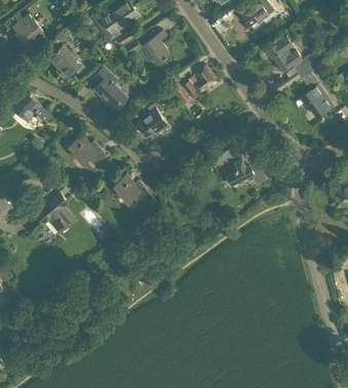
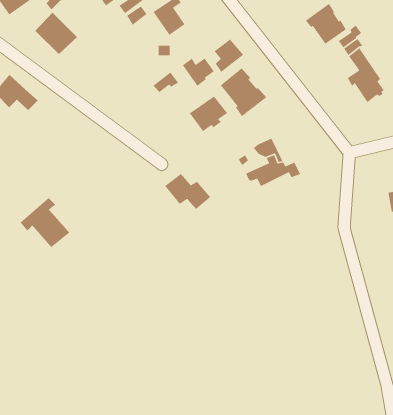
building: [94,68,127,111] -> none
building: none -> [220,67,267,117]
building: [136,109,167,139] -> [189,95,228,132]
building: [68,134,107,166] -> none
building: [113,174,151,204] -> [164,173,211,210]

